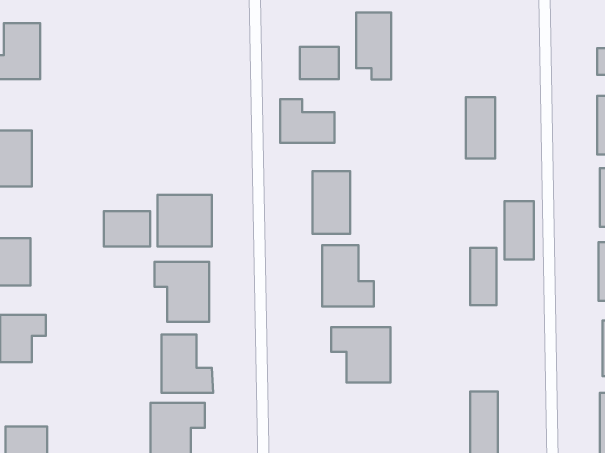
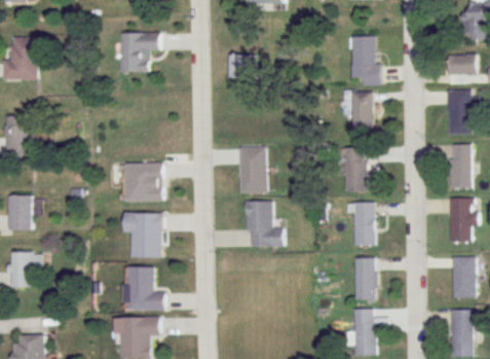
building: [356,12,391,79] -> [351,36,377,85]
building: none -> [119,33,160,72]
building: [280,99,334,143] -> none
building: [504,201,534,260] -> [345,147,367,190]
building: [104,211,150,247] -> none
building: none -> [354,257,375,299]
building: [331,327,391,382] -> none

